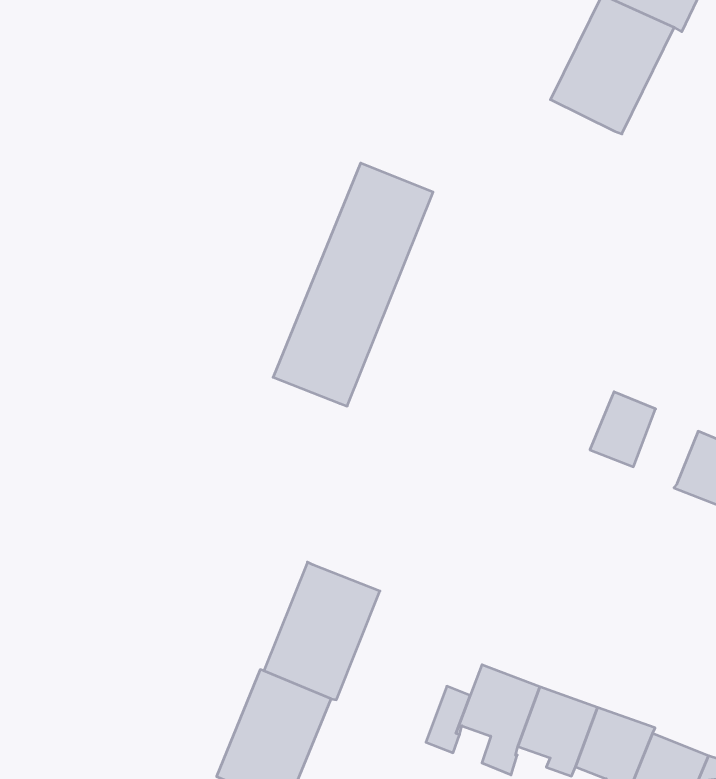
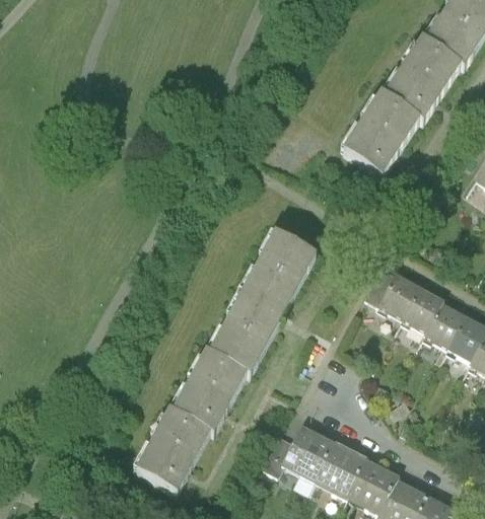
building: none -> [339,95,415,178]
building: [273,163,433,406] -> [206,235,314,377]
building: none -> [363,269,395,307]
building: none -> [402,288,443,333]

